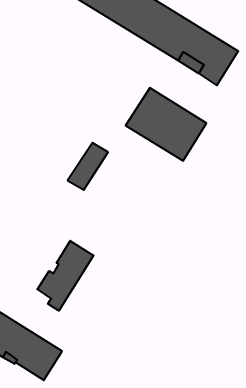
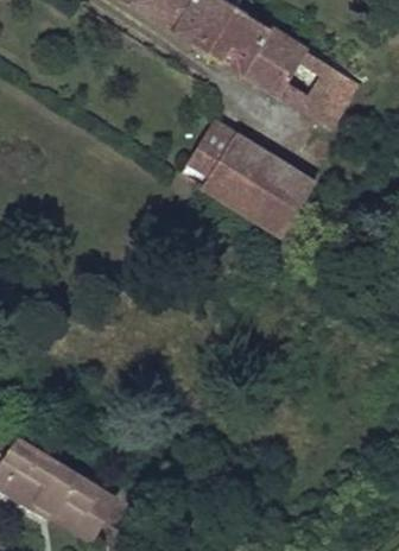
building: [68,143,108,190] -> [180,121,236,186]
building: [37,241,94,311] -> none

